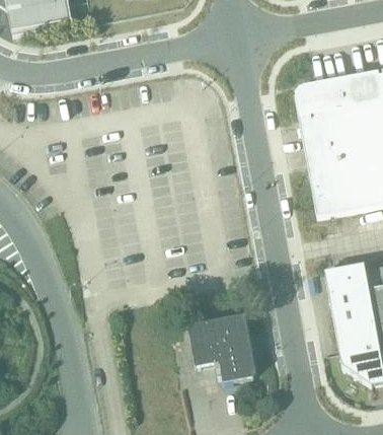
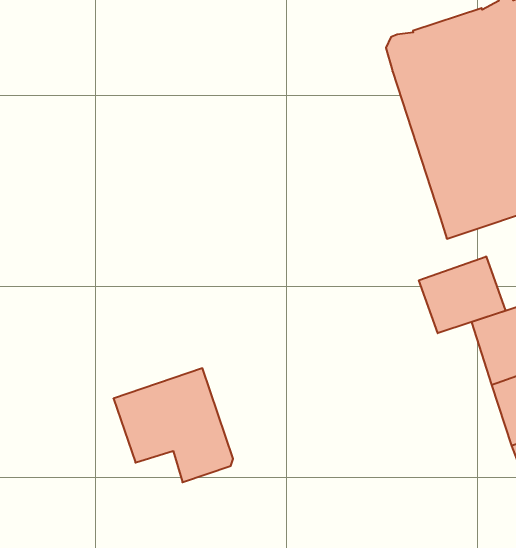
building: none -> [419,256,506,333]
building: [186,313,255,382] -> [113,368,233,482]

